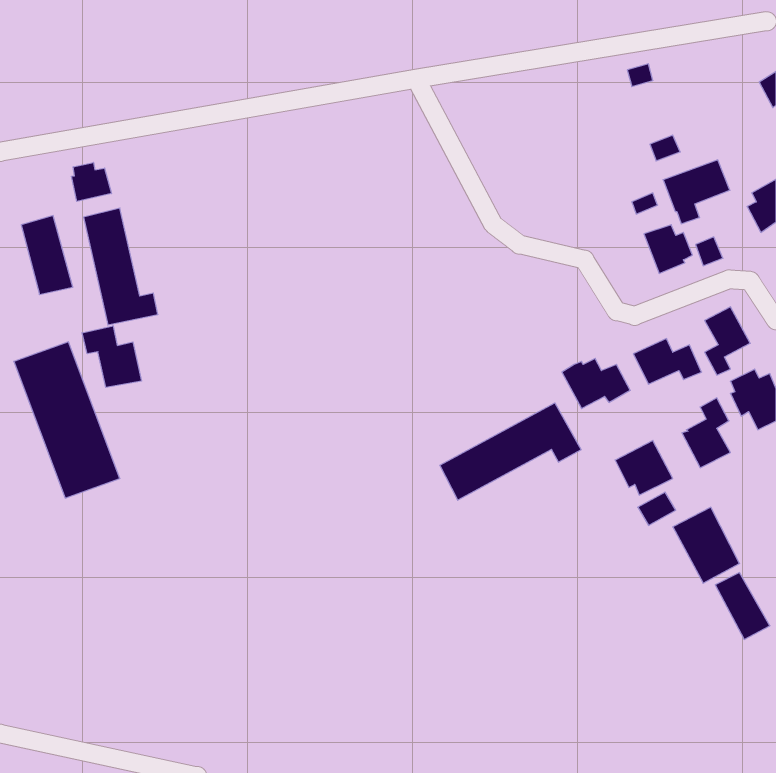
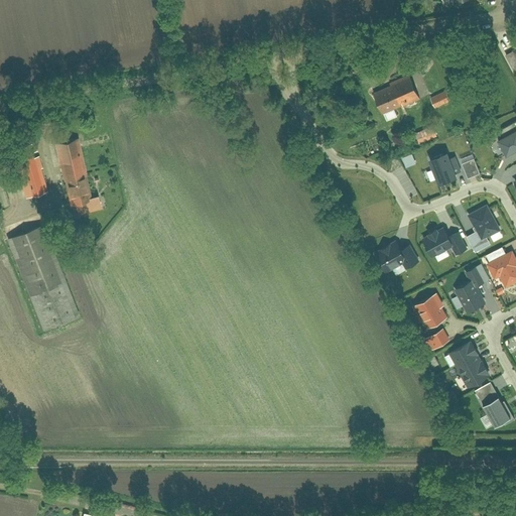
building: [663,160,730,224] -> [374,81,418,123]
building: [72,162,111,201] -> none
building: [82,326,141,387] -> none
building: [440,403,581,500] -> none

